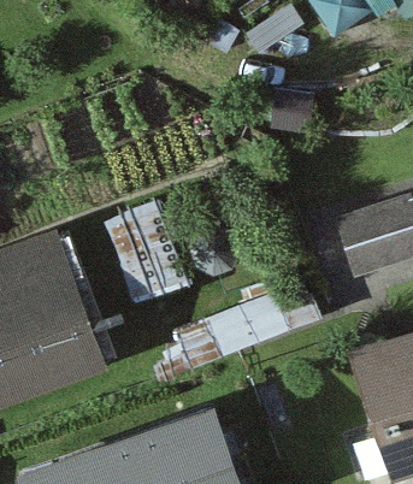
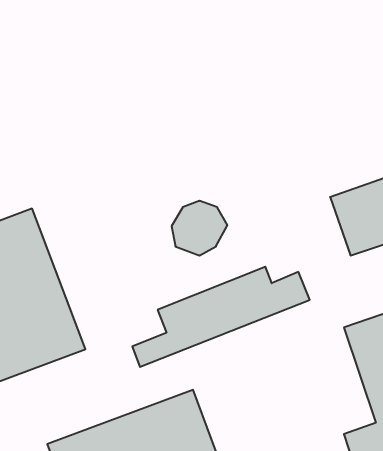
building: [104,202,183,299] -> none

